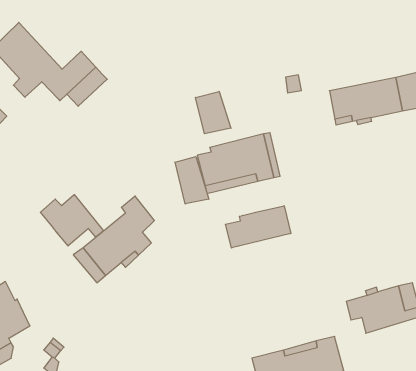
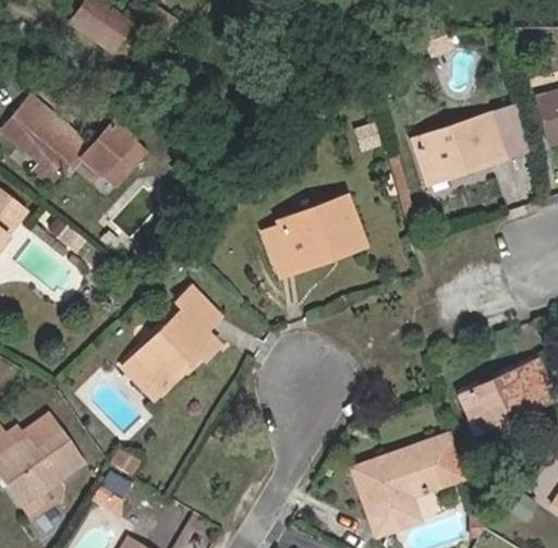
building: [196,91,231,134] -> none
building: [175,157,209,204] -> none
building: [40,195,104,246] -> none
building: [225,206,291,248] -> none

